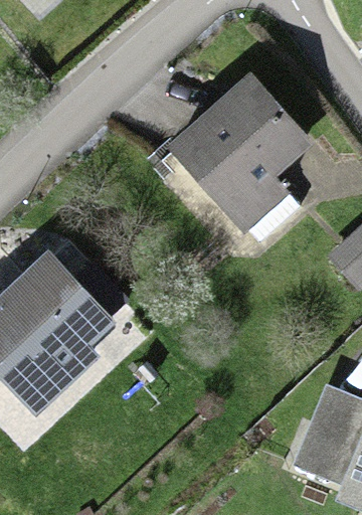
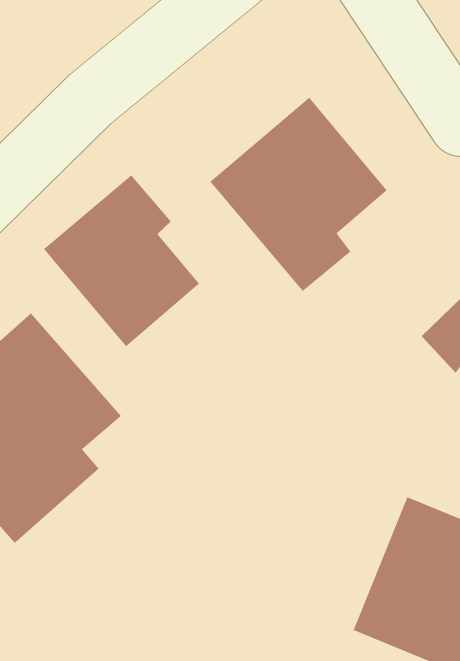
building: none -> [43,175,200,347]

